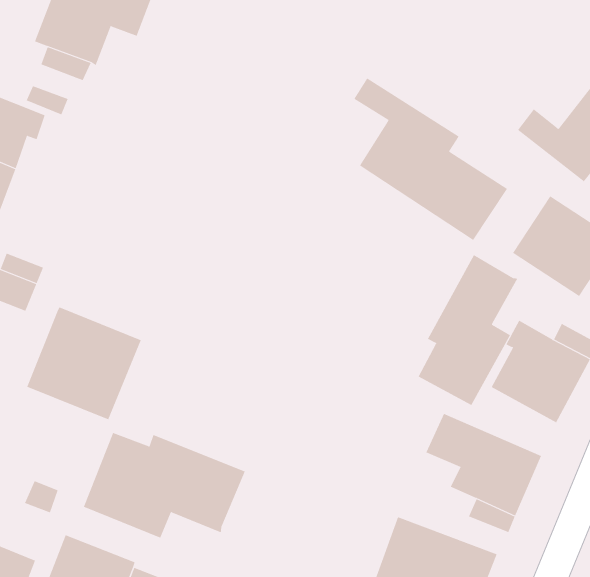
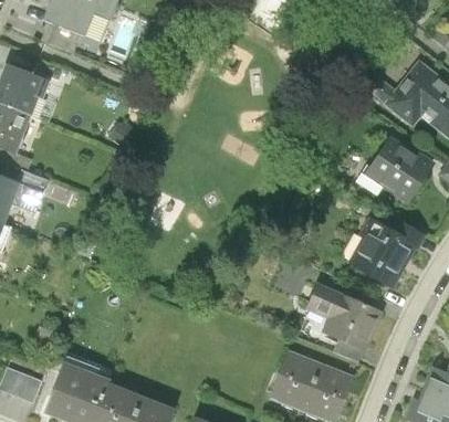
building: [354,77,508,241] -> none
building: [418,254,518,406] -> none
building: [26,307,141,420] -> none
building: [83,432,246,538] -> none

